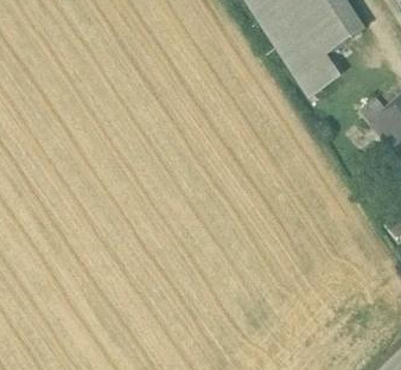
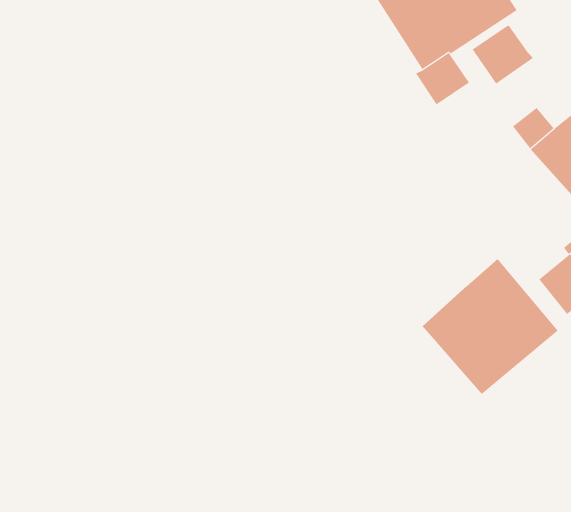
building: none -> [472,25,534,85]
building: none -> [422,258,559,395]

